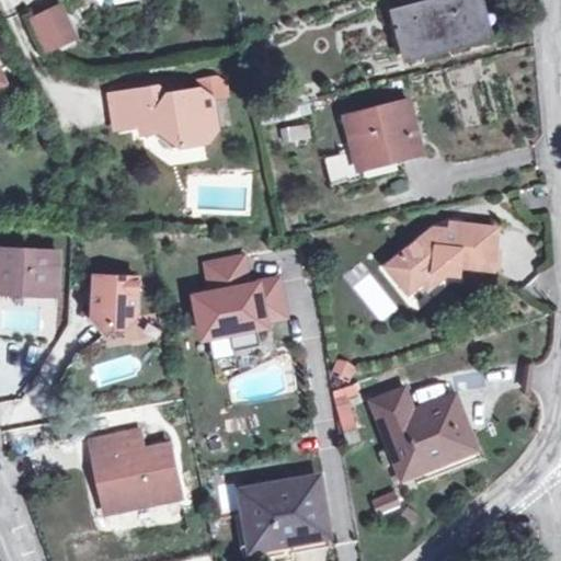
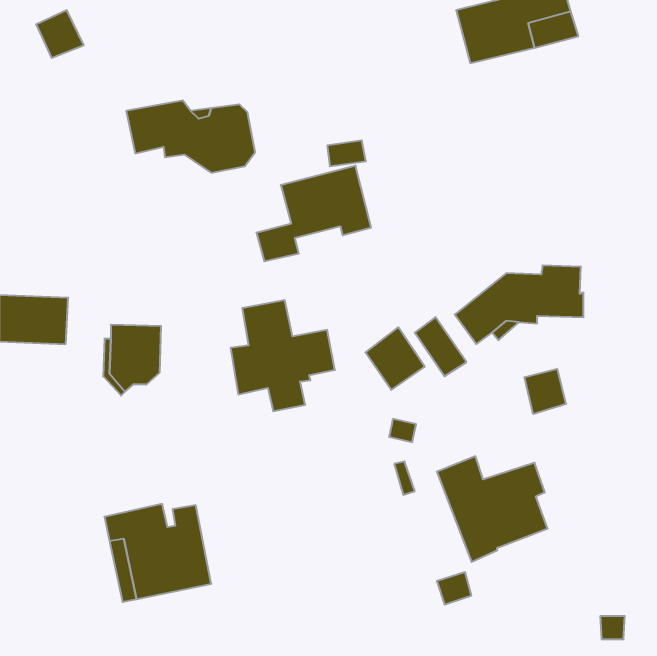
building: [323,101,421,182] -> [256,166,371,261]
building: none -> [365,327,425,390]
building: none -> [525,369,566,414]
building: [241,477,325,547] -> none

